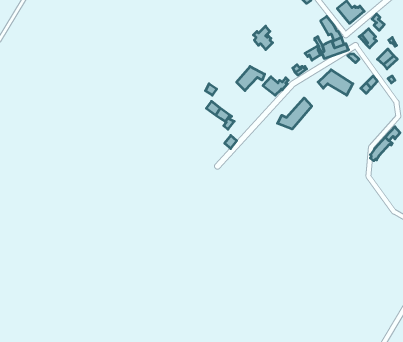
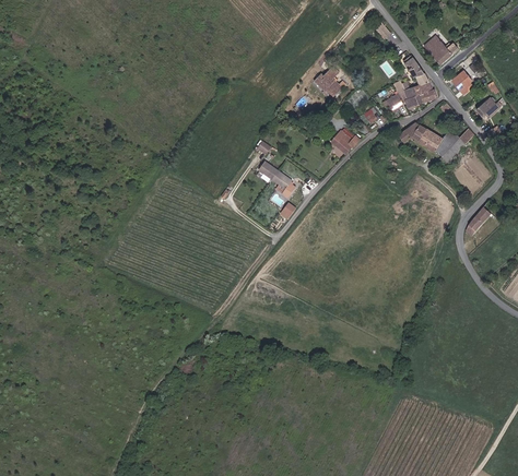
building: [237,66,265,91] -> none
building: [277,98,312,129] -> none

